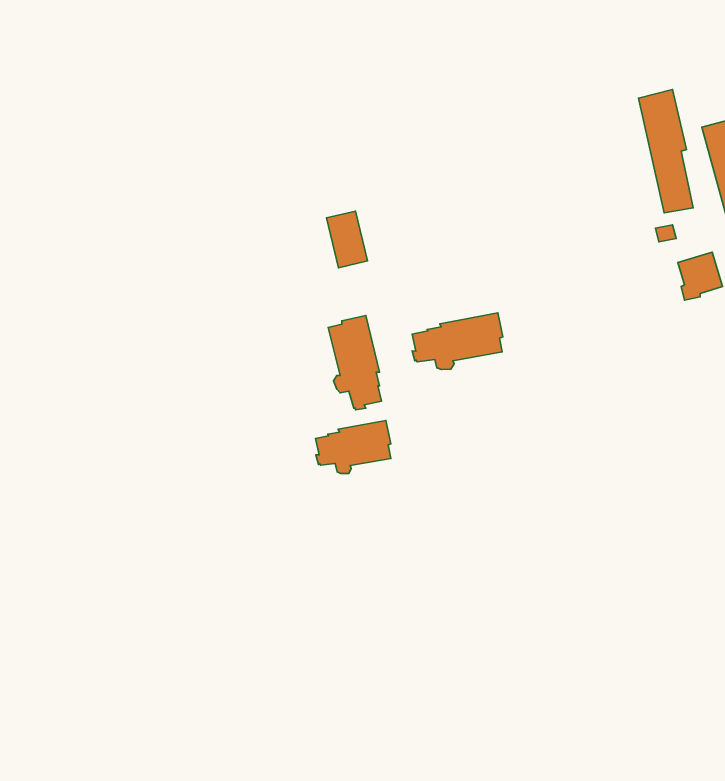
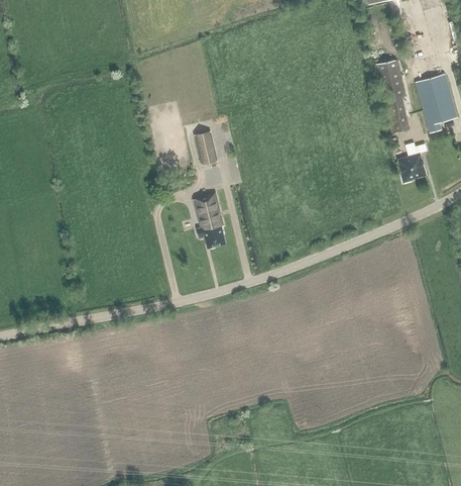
building: [412,313,503,369] -> none
building: [315,421,391,474] -> none

